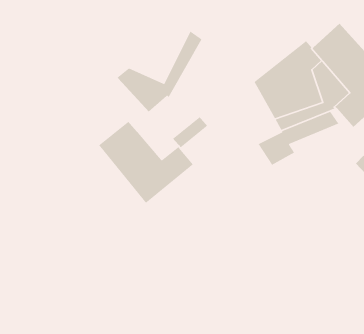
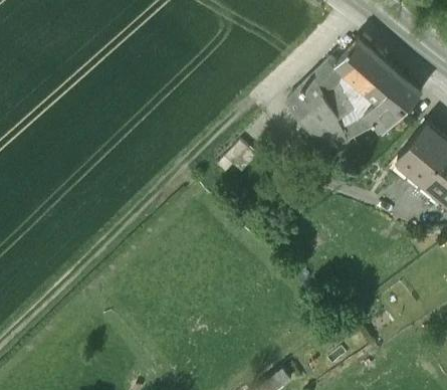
building: [116,31,203,113] -> none
building: [98,121,194,204] -> none

